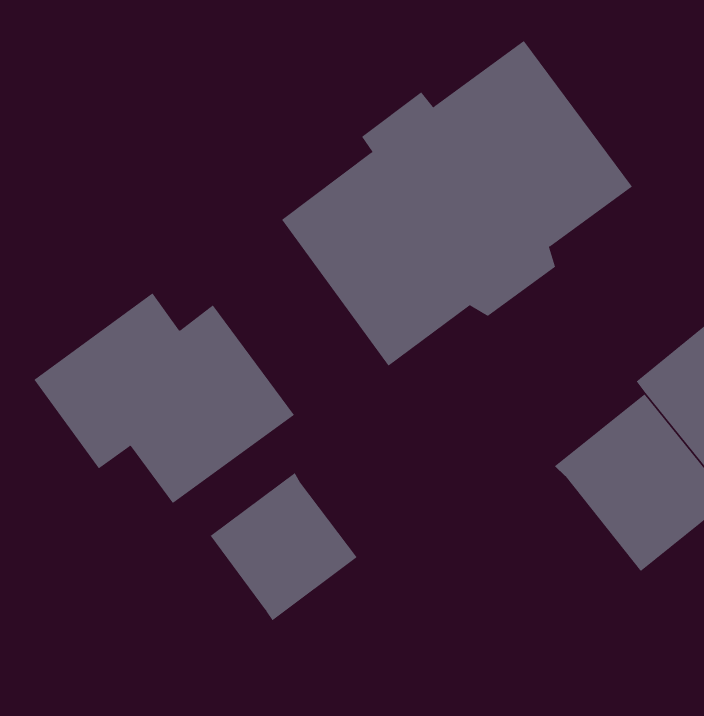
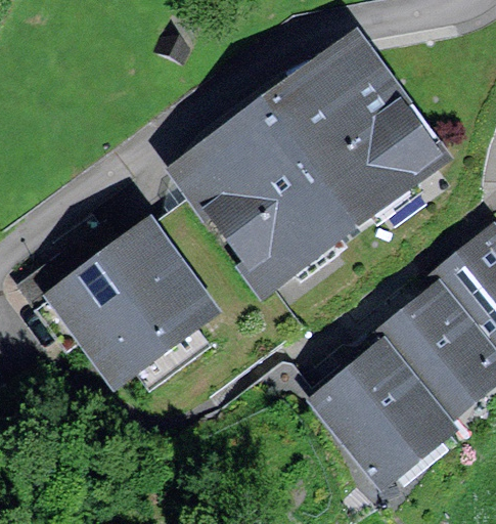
building: [210,472,358,621] -> none
building: none -> [331,351,450,473]

